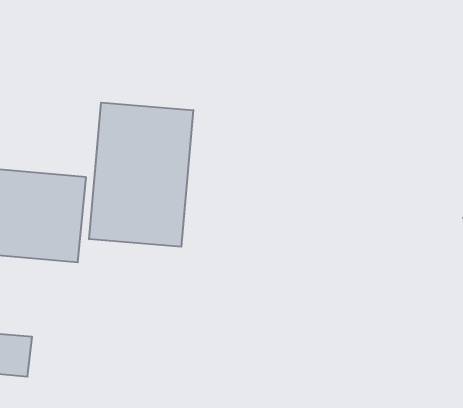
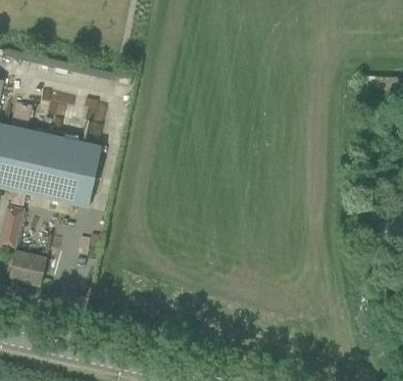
building: [89,103,193,247] -> none

